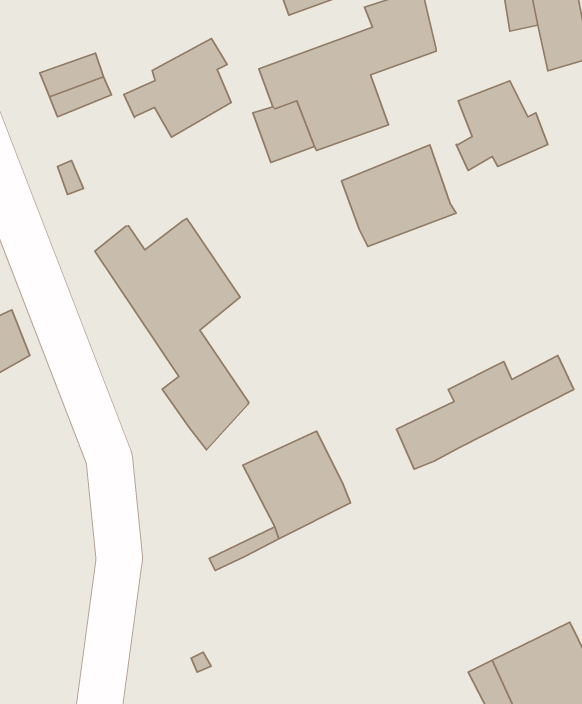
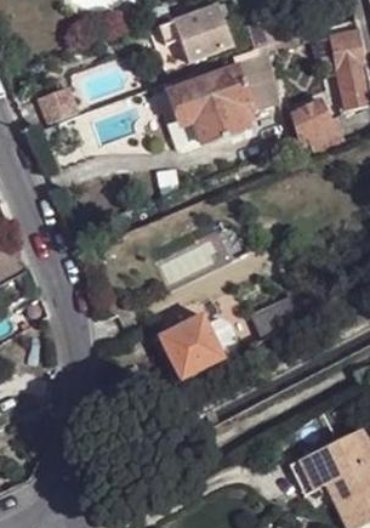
building: [124,39,231,137] -> none
building: [341,145,456,246] -> none
building: [95,218,249,450] -> none

